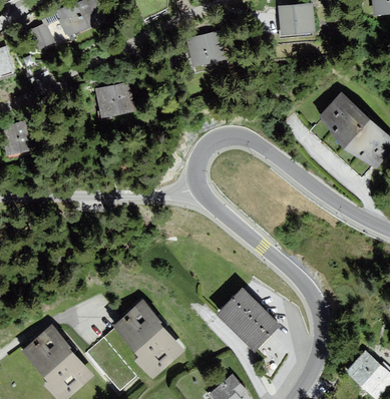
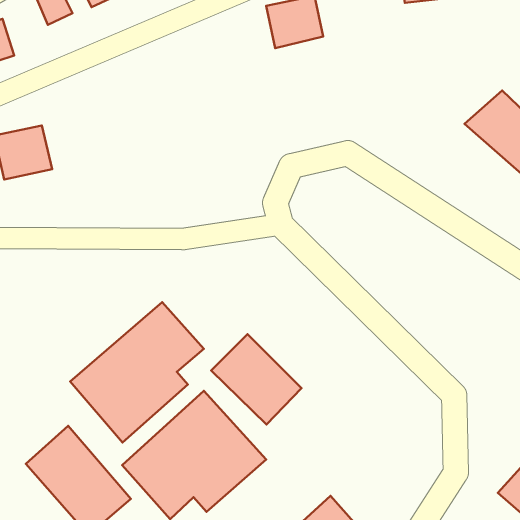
building: [94,80,141,117] -> none
building: none -> [70,302,204,443]
building: [216,288,278,350] -> [211,334,301,425]

